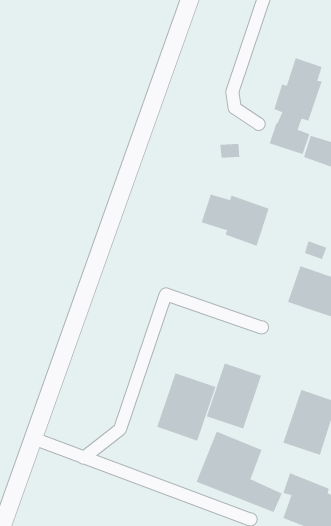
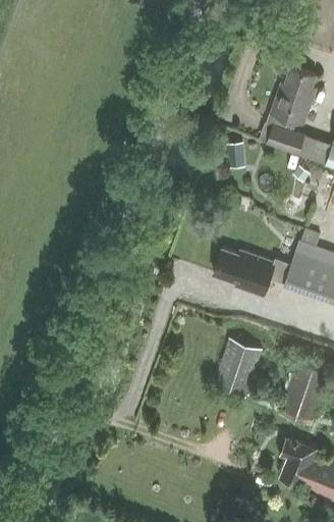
building: [201,194,270,246] -> [215,249,276,296]
building: [157,373,216,441] -> none
building: [196,431,283,513] -> none

